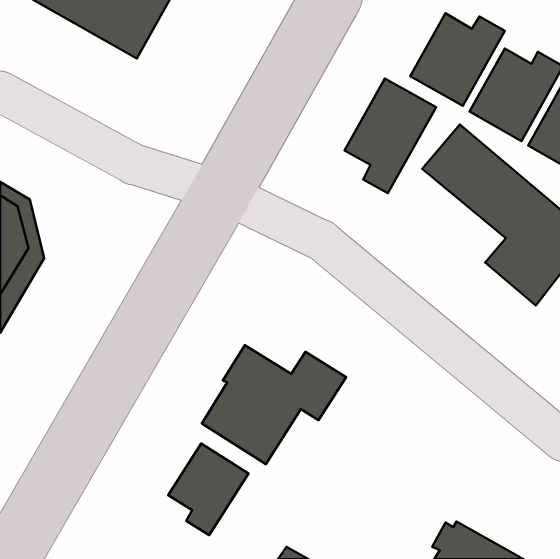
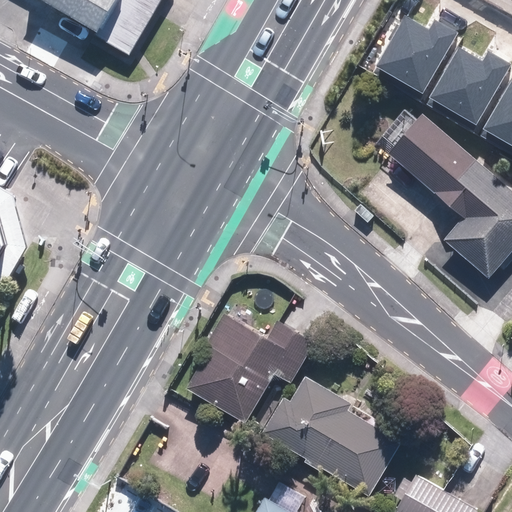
building: [344,79,436,193] -> none
building: none -> [262,376,400,494]
building: [168,443,249,535] -> none

